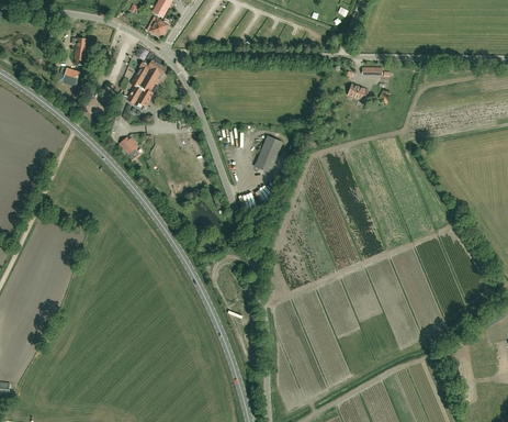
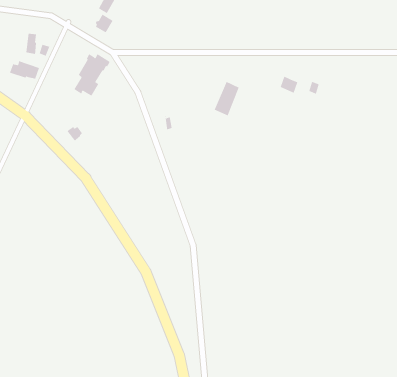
building: [255,135,282,173] -> [214,81,239,116]

